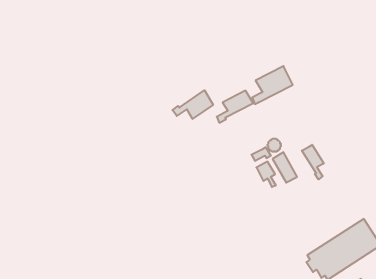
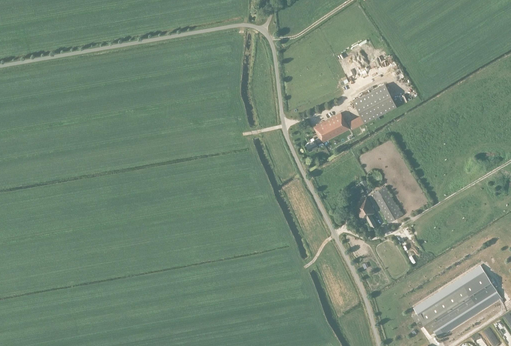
building: [172,90,213,119] -> none
building: [302,145,324,179] -> none

